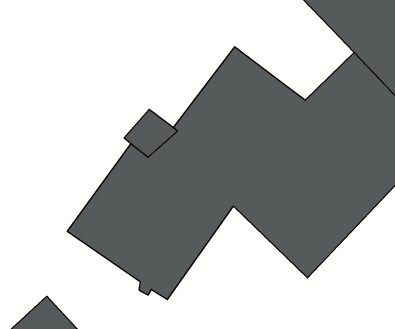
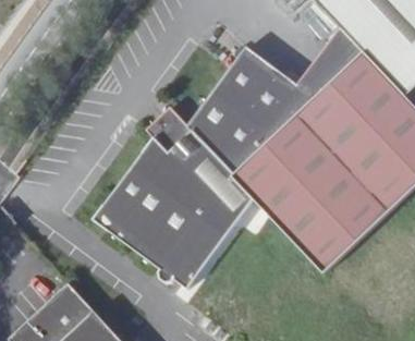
building: none -> [301,29,365,98]

